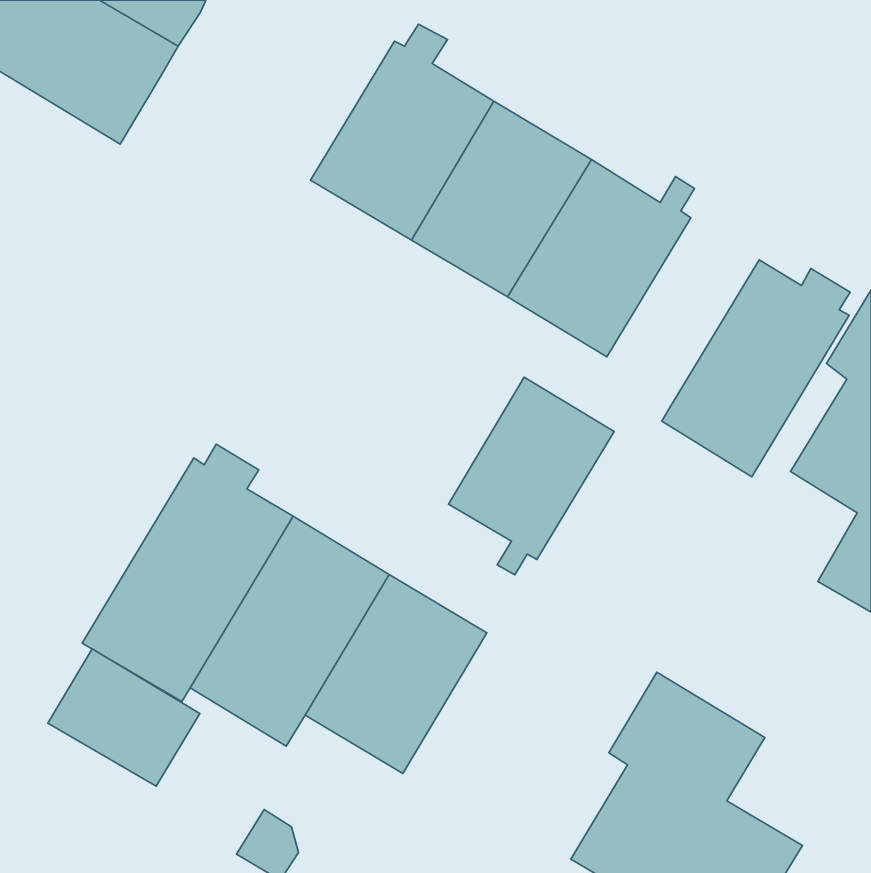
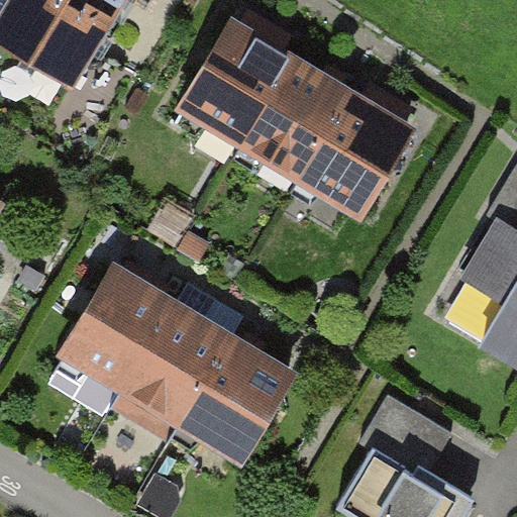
building: [662,260,850,477] -> none
building: [448,377,614,575] -> none
building: [48,649,200,786] -> none

